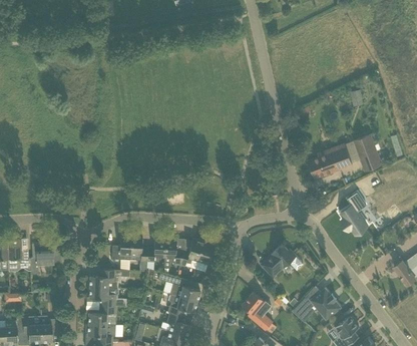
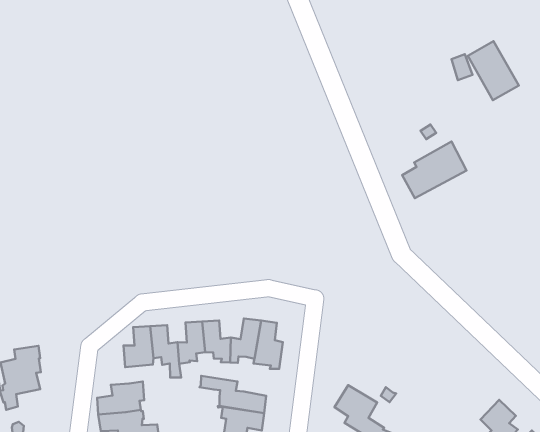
building: [353,133,383,171] -> [468,41,519,100]
building: [341,193,367,235] -> none
building: [262,245,304,277] -> none
building: [293,286,340,319] -> none

